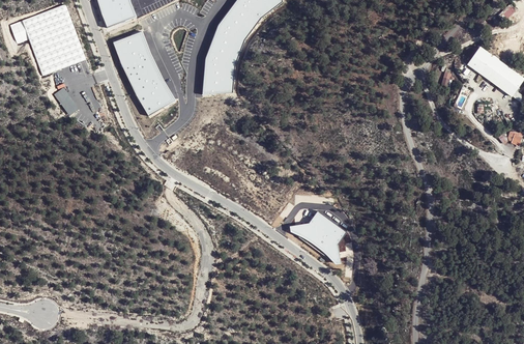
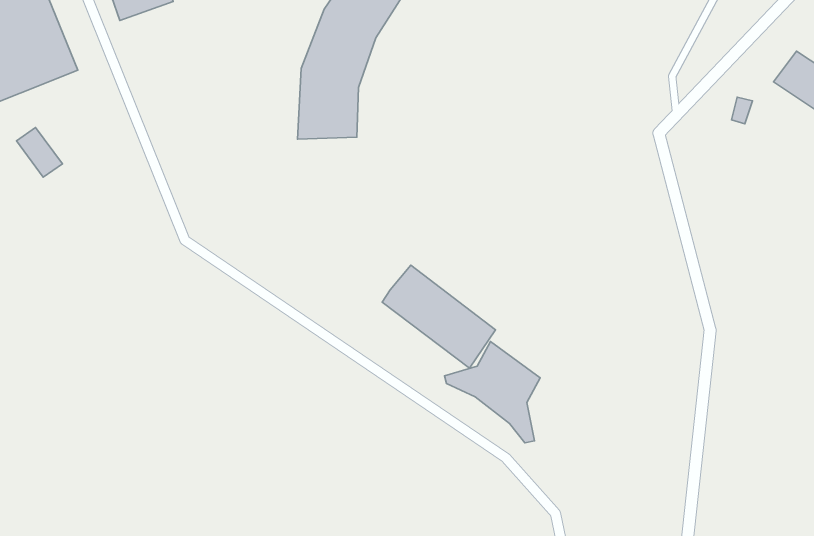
building: [114,29,177,113] -> none
building: none -> [382,265,495,368]

